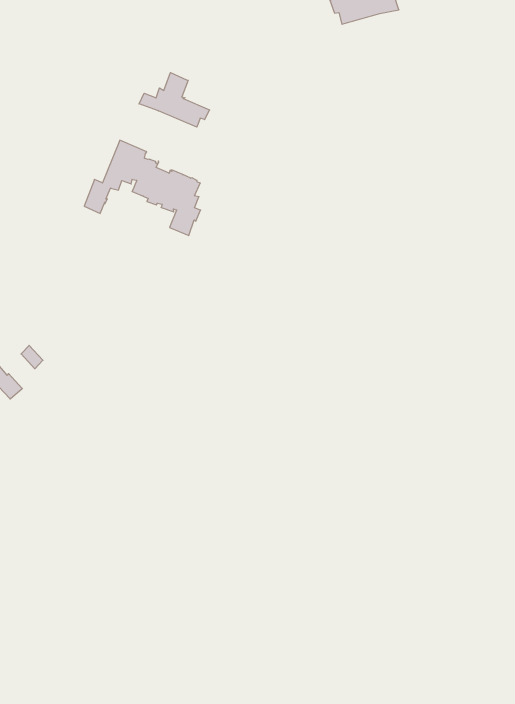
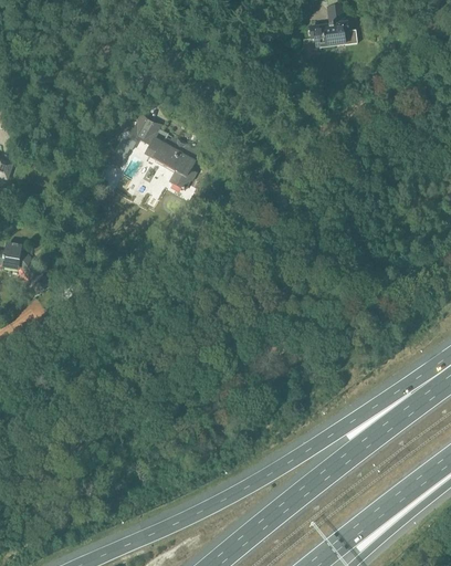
building: [139,73,210,127] -> none

